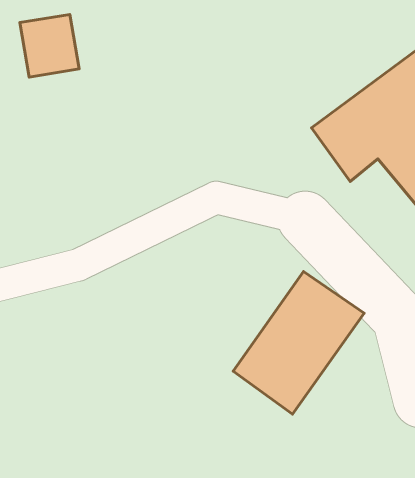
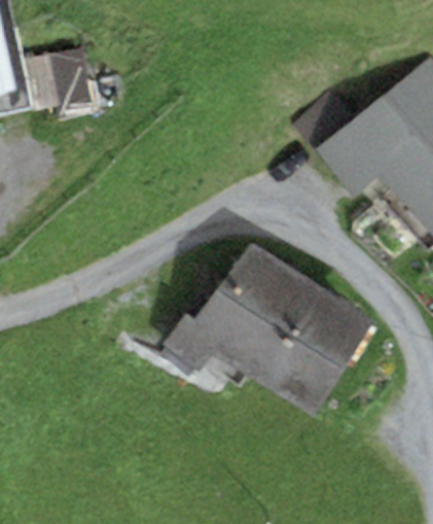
building: none -> [161,244,316,382]

